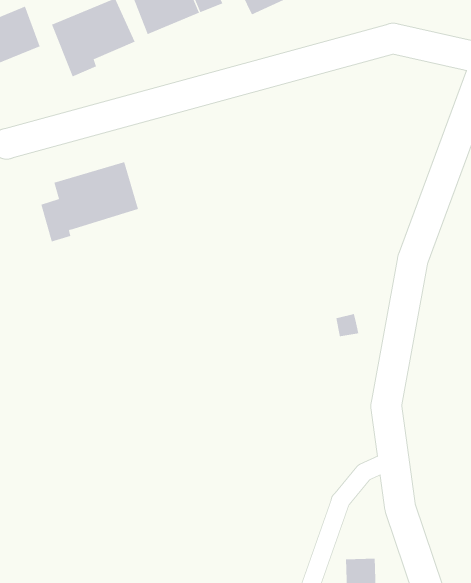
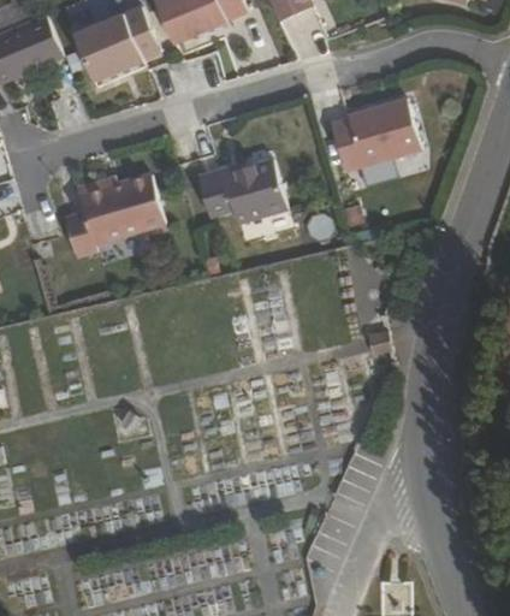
building: none -> [331,99,421,172]
building: none -> [197,159,286,223]

